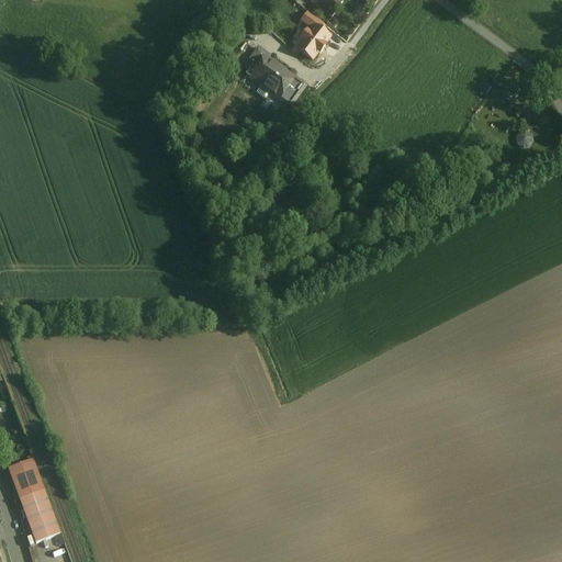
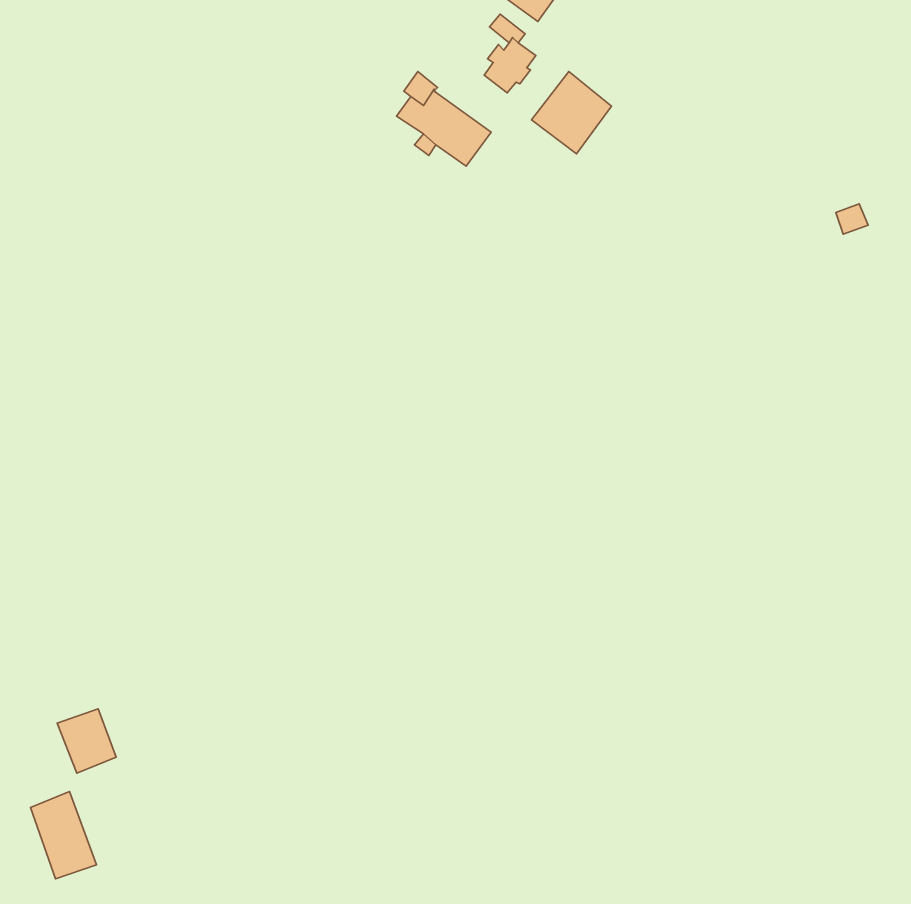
building: none -> [531,72,612,154]
building: [7,457,43,496] -> [57,709,116,773]

